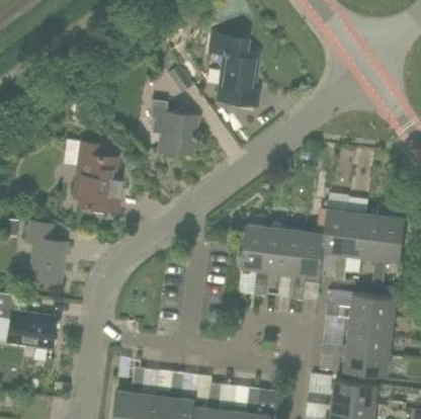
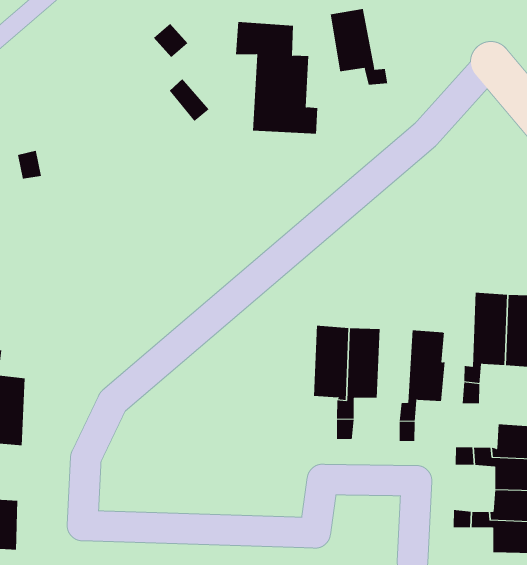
building: none -> [330,8,388,85]
building: [150,99,196,156] -> none
building: [73,142,122,214] -> none
building: [323,208,346,256] -> none
building: [281,229,306,275] -> none

